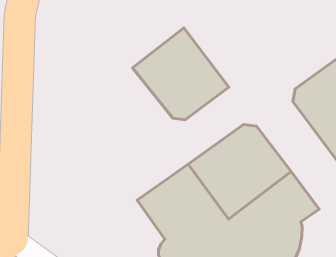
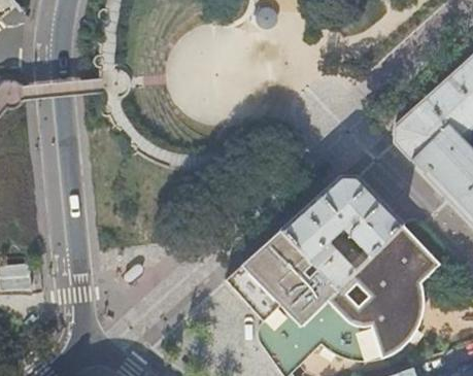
building: [133,28,229,120] -> none

